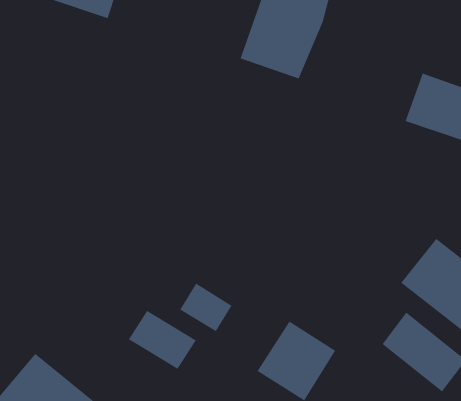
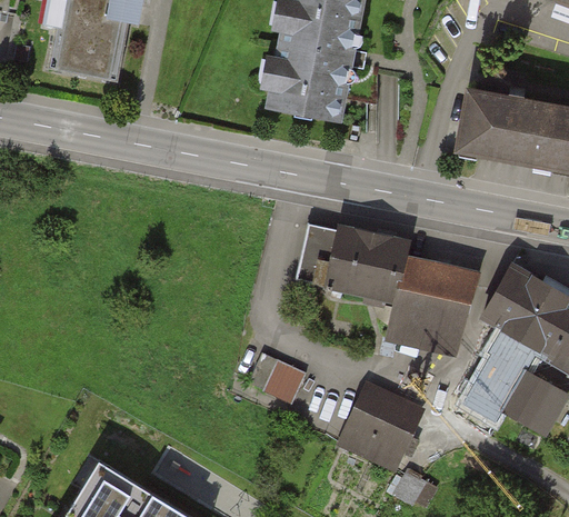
building: none -> [311,226,475,350]
building: [128,310,197,370] -> none

